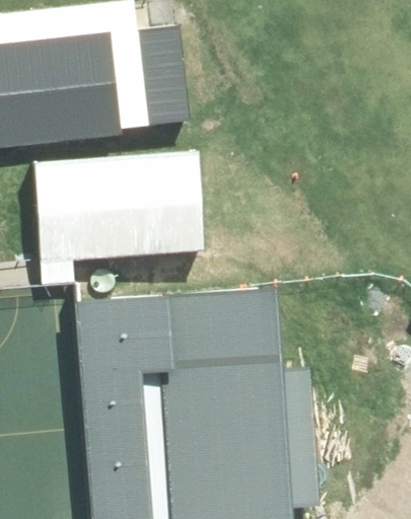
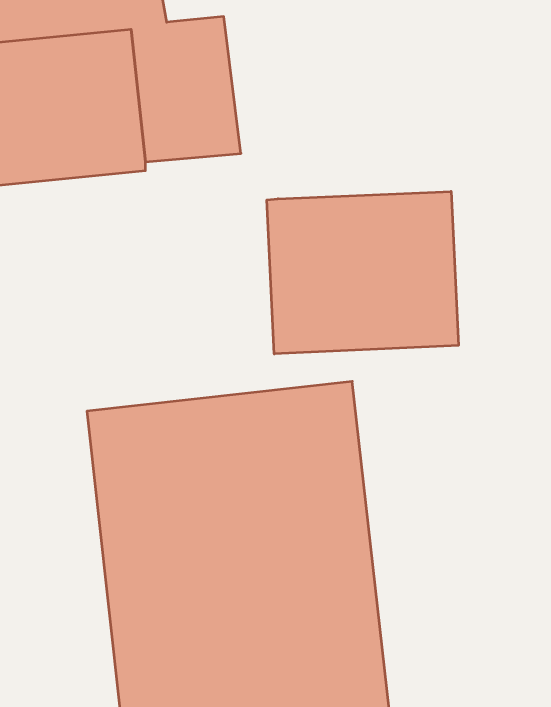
building: none -> [267,191,458,354]
building: [45,154,199,262] -> none

